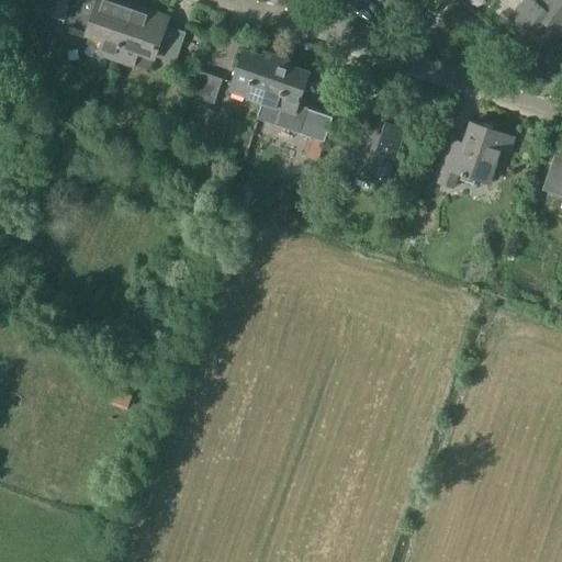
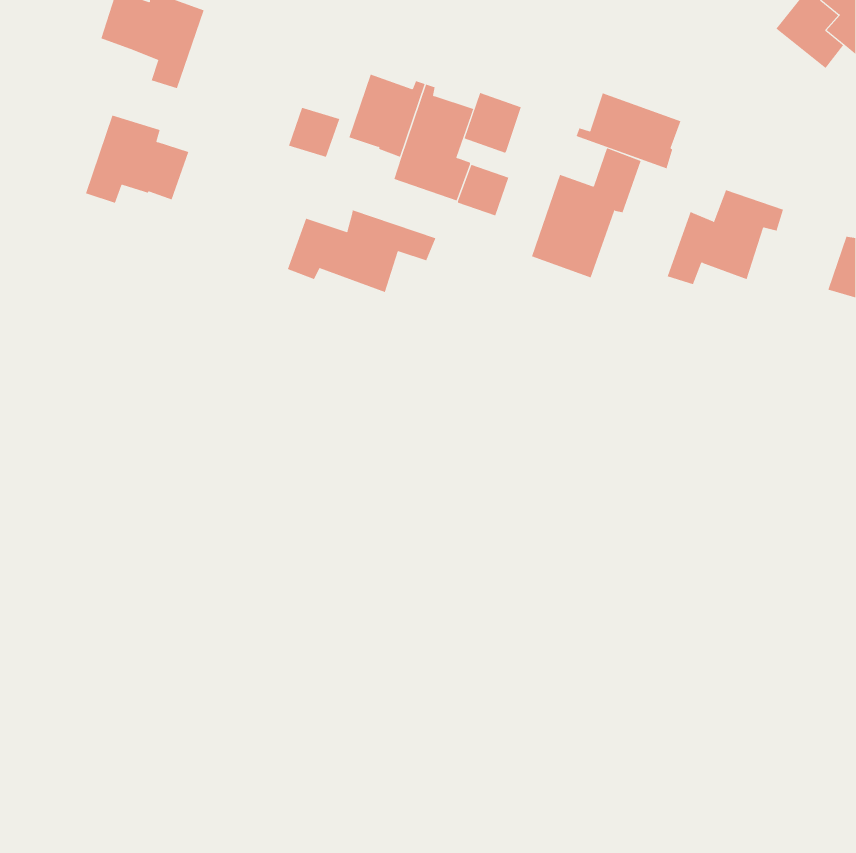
building: [116,7,184,65] -> [85,115,189,204]
building: none -> [464,92,522,153]
building: none -> [576,93,681,169]
building: none -> [287,209,436,293]

